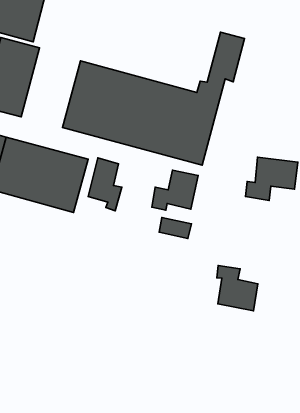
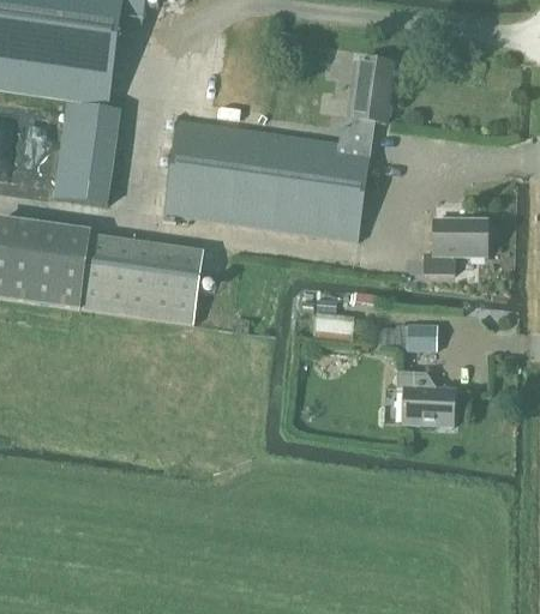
building: [88,158,122,211] -> none
building: [152,170,198,210] -> none
building: none -> [395,324,436,350]

